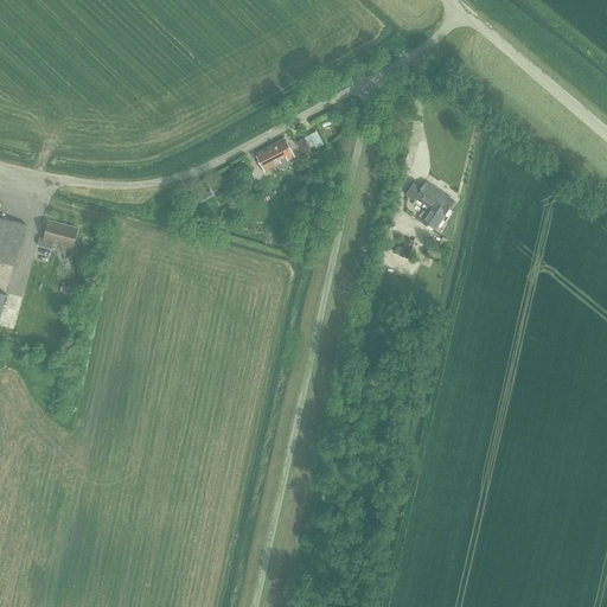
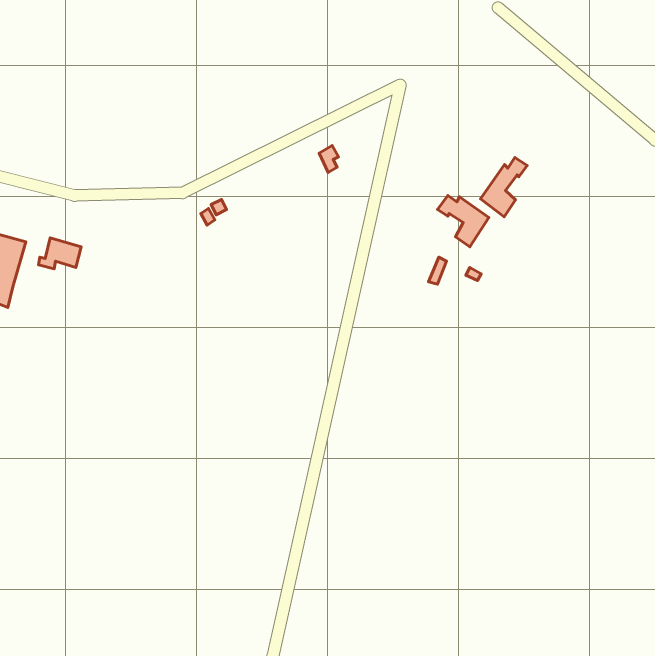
building: [254,139,293,171] -> none
building: none -> [480,157,527,217]

